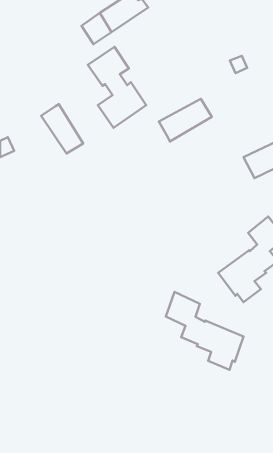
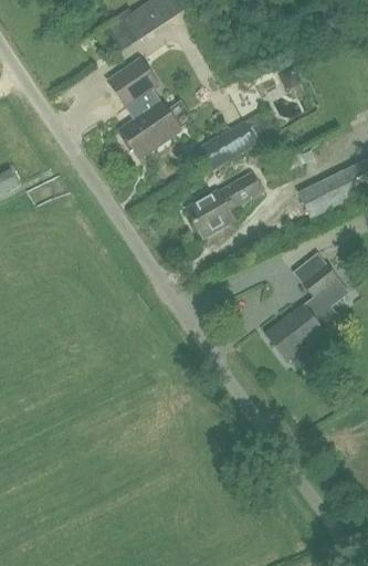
building: [41,104,83,154] -> none
building: none -> [187,169,264,235]
building: [166,292,243,370] -> none

